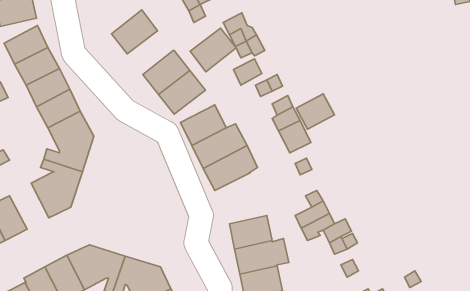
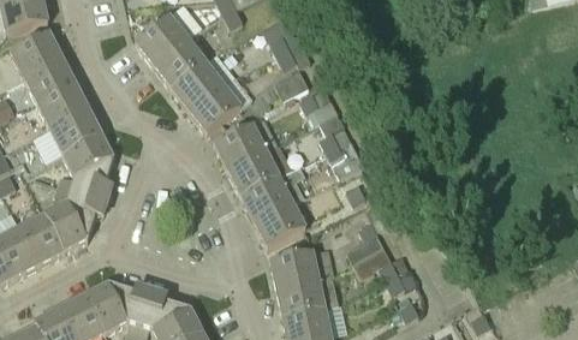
building: [190,28,236,72] -> [151,37,204,88]
building: [296,94,335,129] -> none
building: none -> [252,201,306,247]
building: none -> [16,213,61,266]

